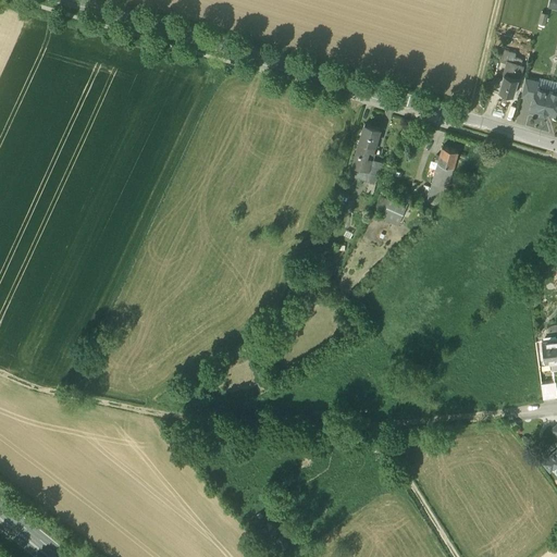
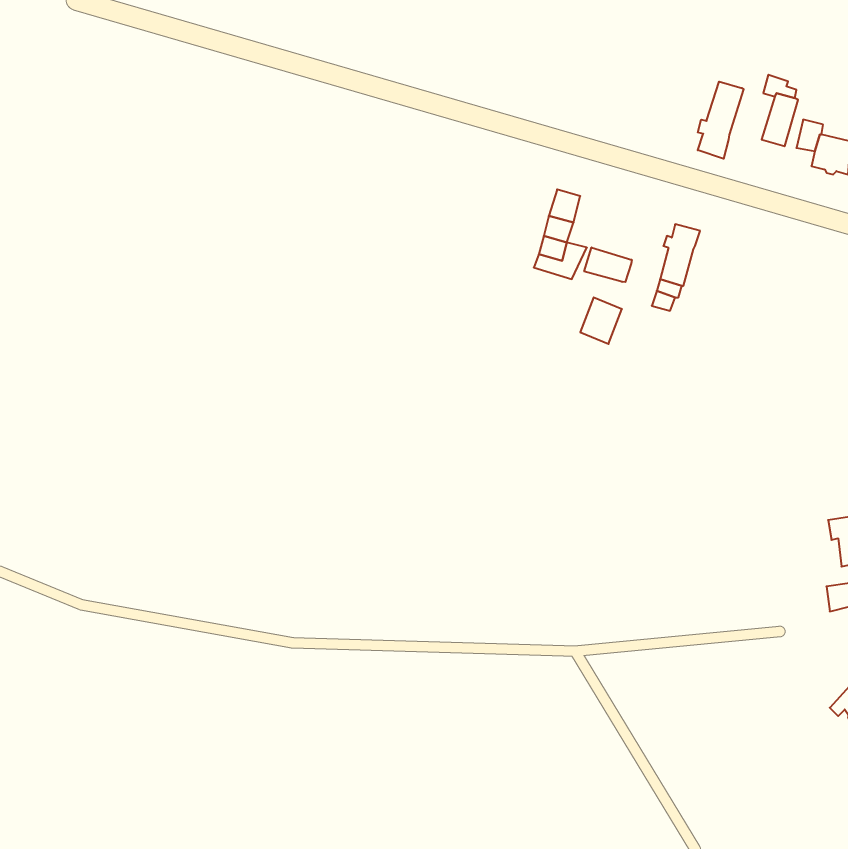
building: none -> [698,82,744,159]
building: none -> [584,247,632,282]

